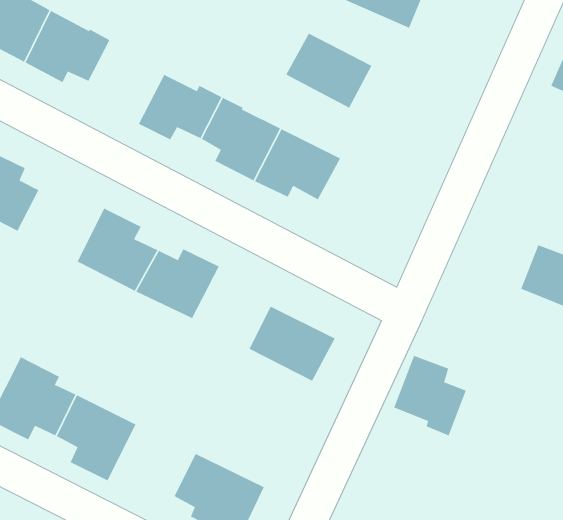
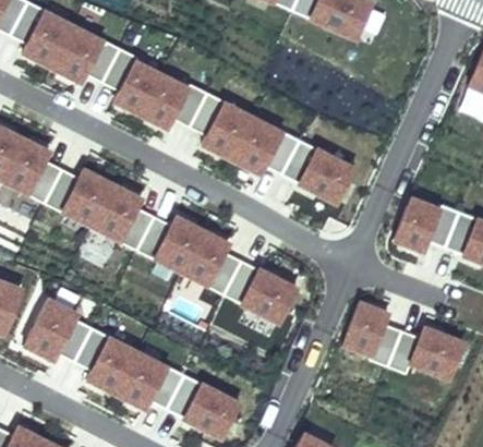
building: [285,33,373,109] -> [283,143,353,204]
building: none -> [100,48,160,116]
building: none -> [44,168,112,226]
building: none -> [394,197,459,252]
building: none -> [183,229,245,295]
building: none -> [388,325,463,377]
building: none -> [116,355,185,415]

